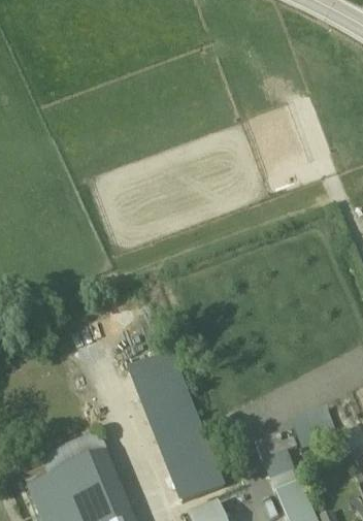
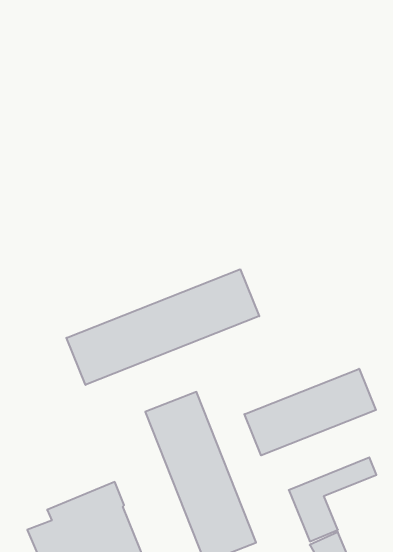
building: none -> [66,269,259,385]
building: none -> [244,369,376,455]

